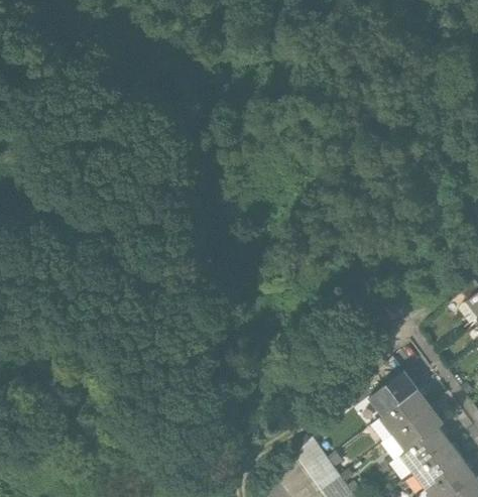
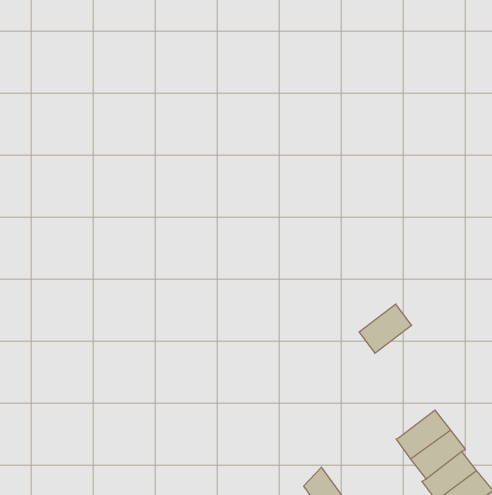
building: [369,373,416,417] -> [359,304,412,353]

